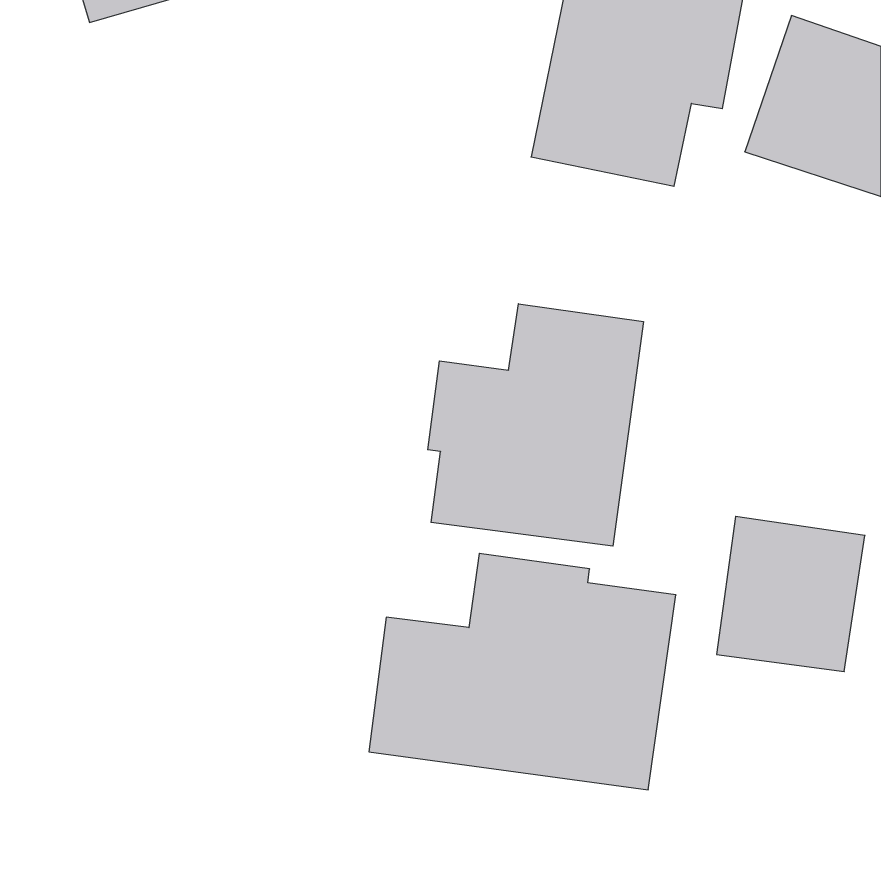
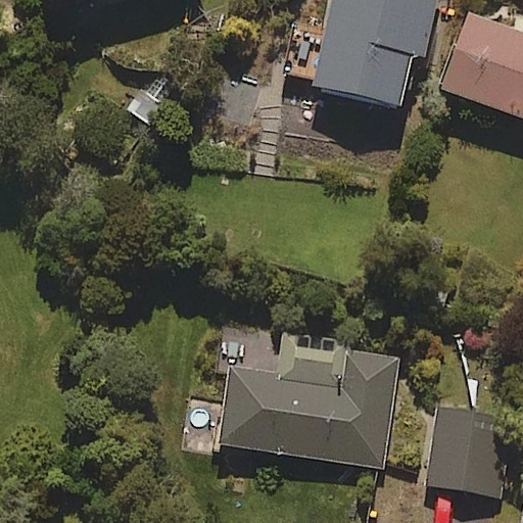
building: [428,304,643,546] -> none
building: [717,516,865,672] -> [425,401,513,493]

